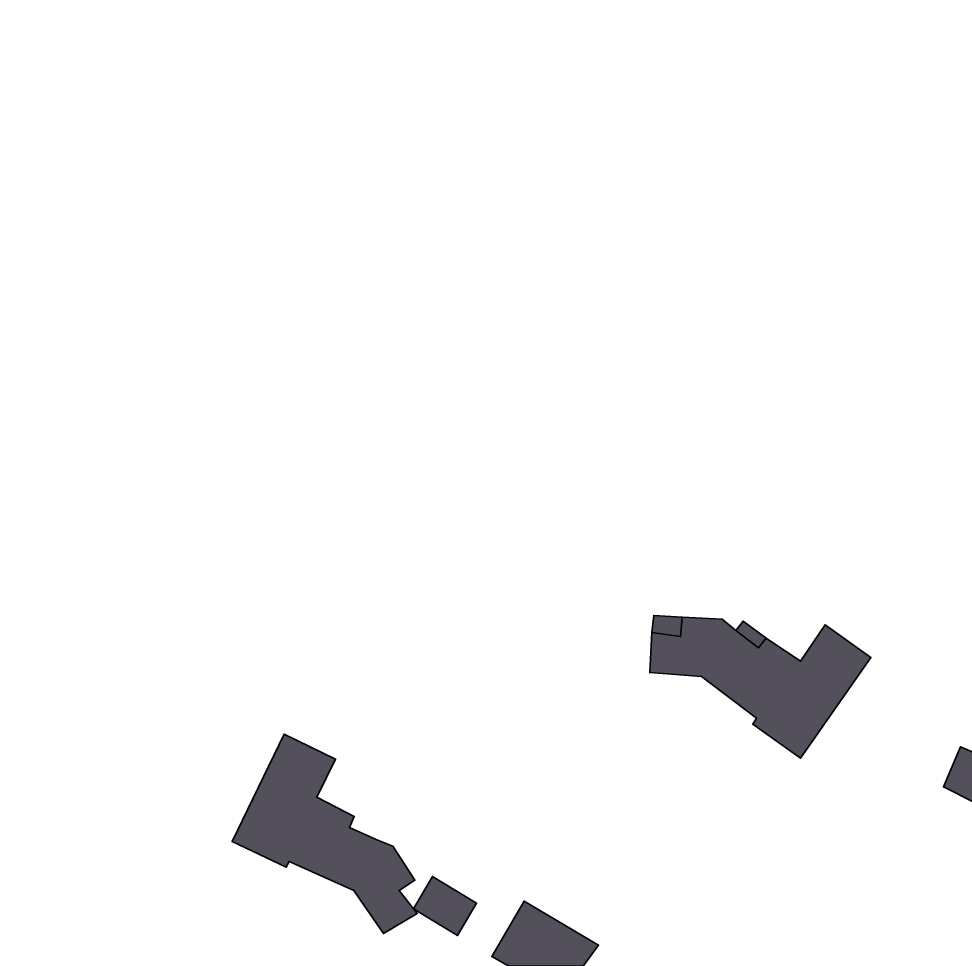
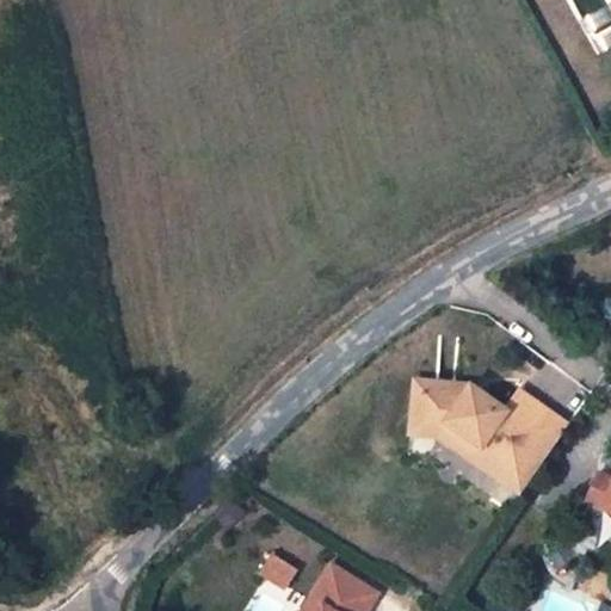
building: none -> [406,412,567,495]
building: [232,734,417,933] -> none

